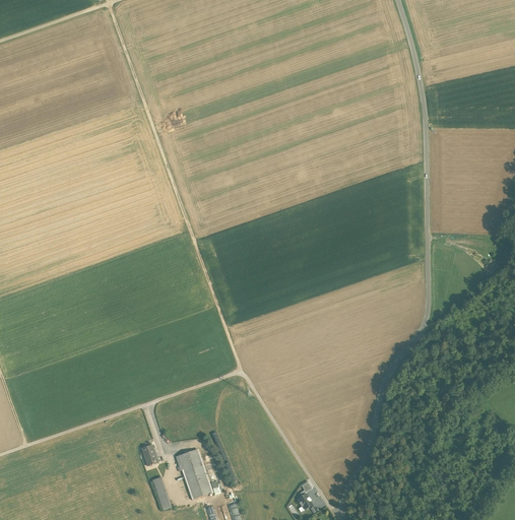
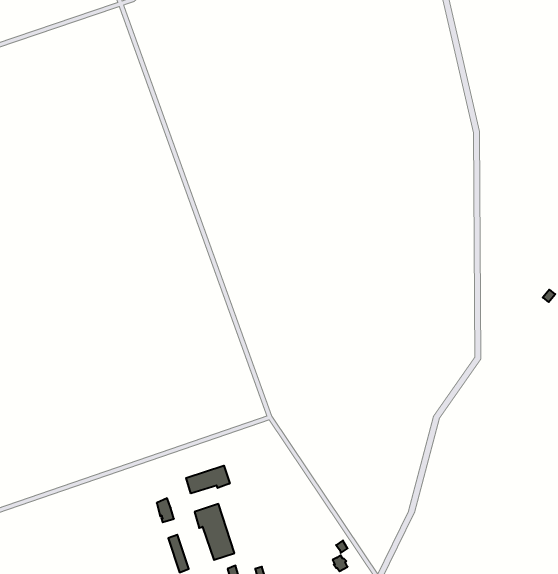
building: none -> [186,466,230,493]

